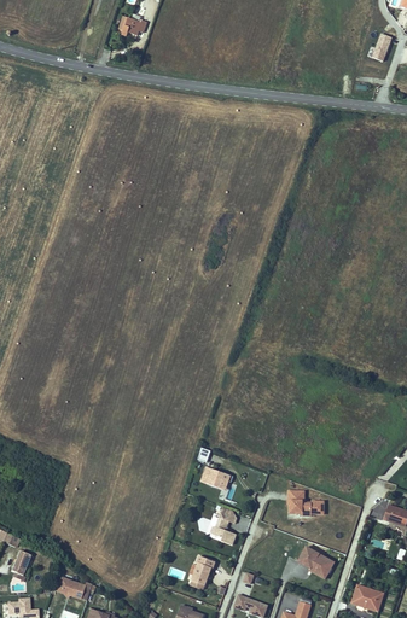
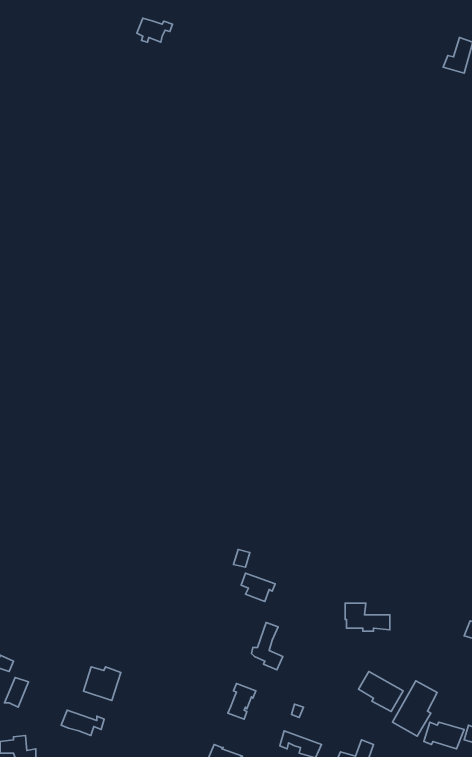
building: none -> [84,667,121,700]
building: none -> [392,681,437,736]

